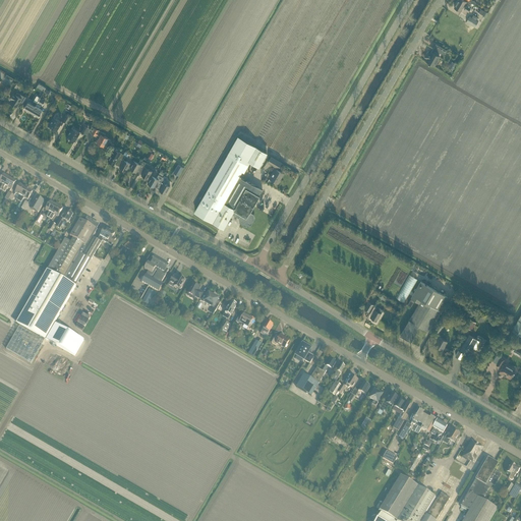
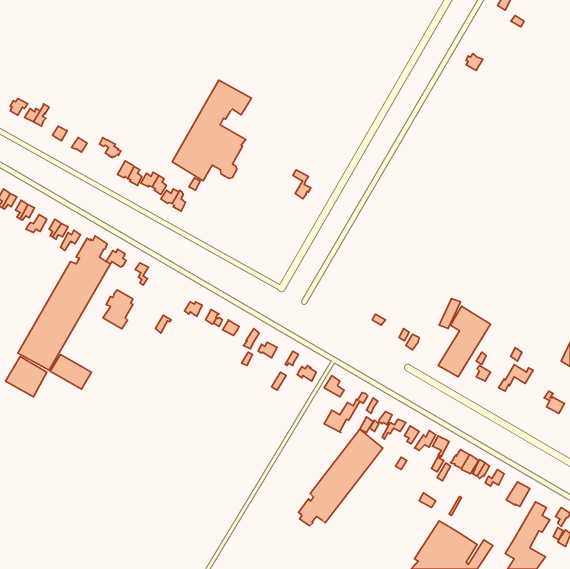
building: [194,134,267,226] -> [172,80,251,181]
building: [140,254,168,290] -> [103,290,133,329]
building: none -> [298,429,383,526]

